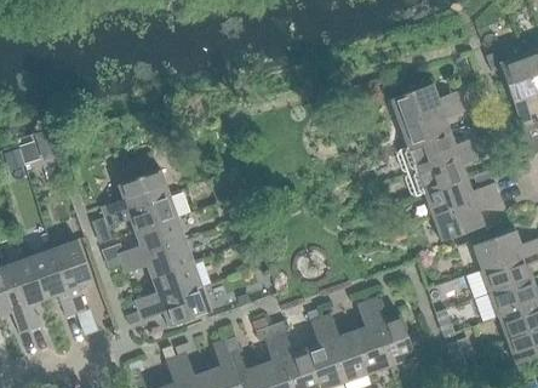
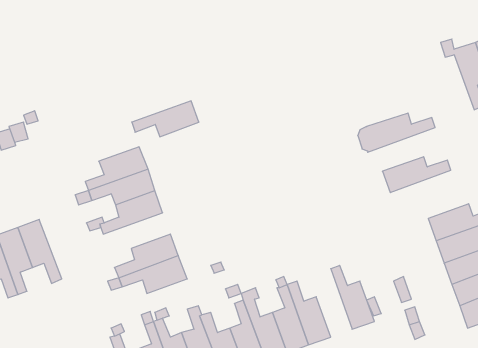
building: [389,84,467,147] -> none
building: [405,148,483,196] -> none
building: [431,194,500,242] -> none
building: [52,239,92,312] -> none
building: [121,240,194,279] -> [132,101,199,137]
building: [351,301,390,375] -> none

